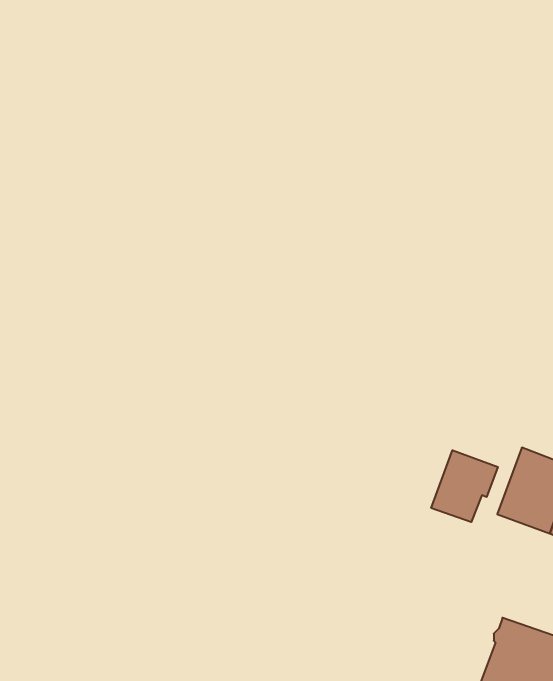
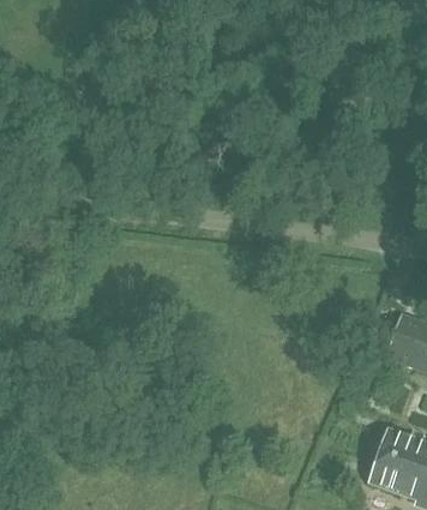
building: [431,450,498,522] -> none

